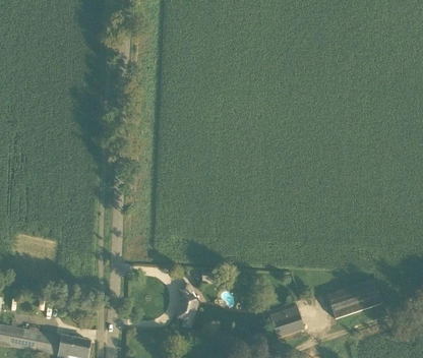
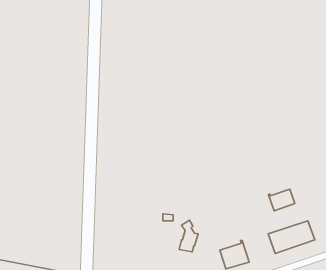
building: none -> [268,189,295,211]
building: [176,283,198,320] -> [179,220,198,252]

